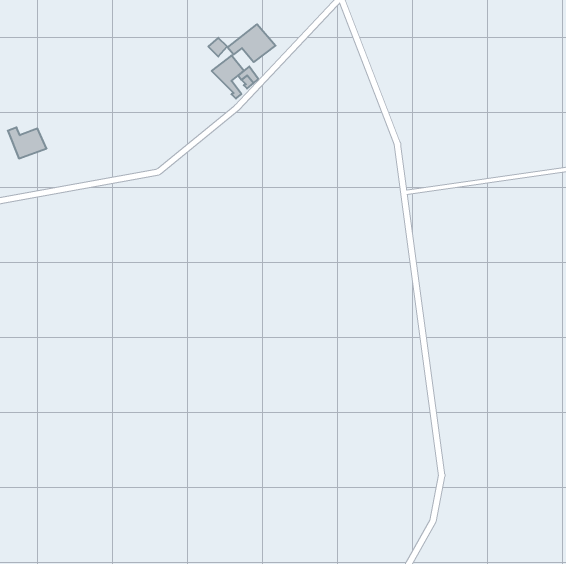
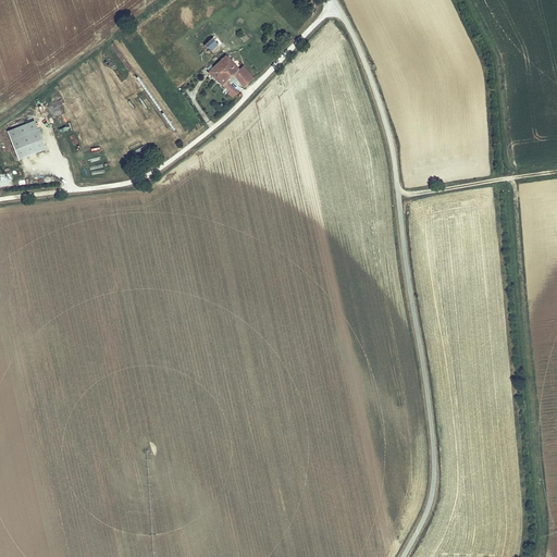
building: [228,24,276,62] -> none

